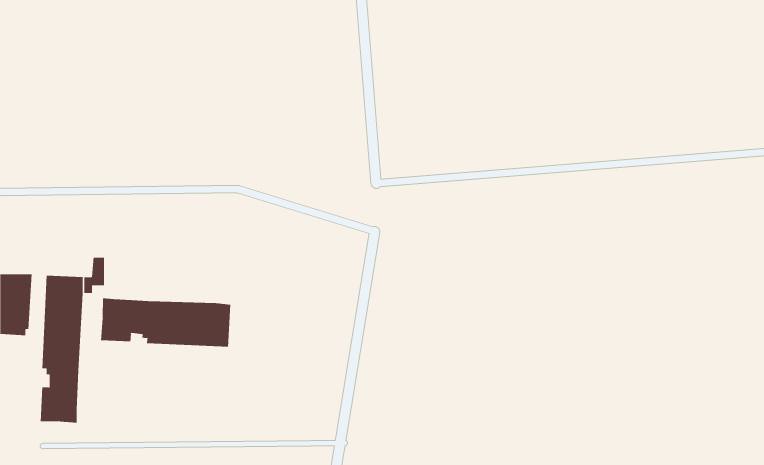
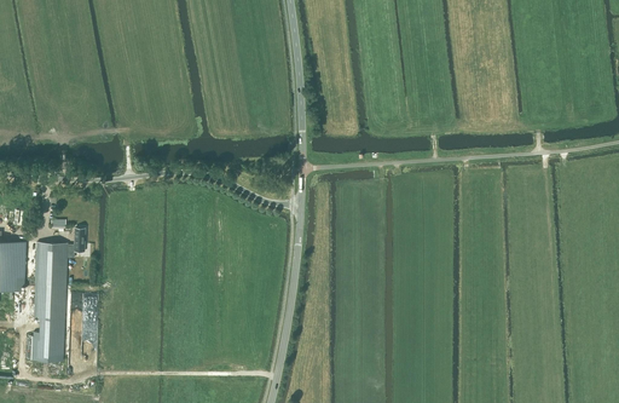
building: [100,297,231,348] -> none

